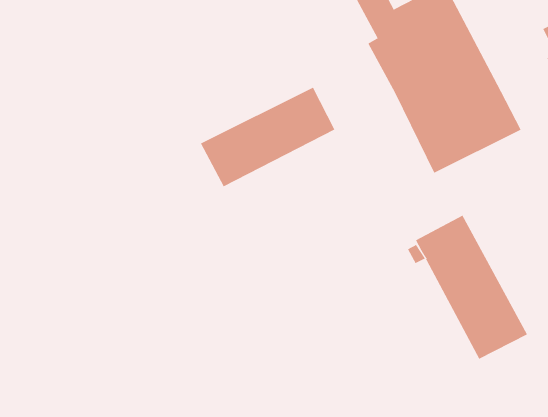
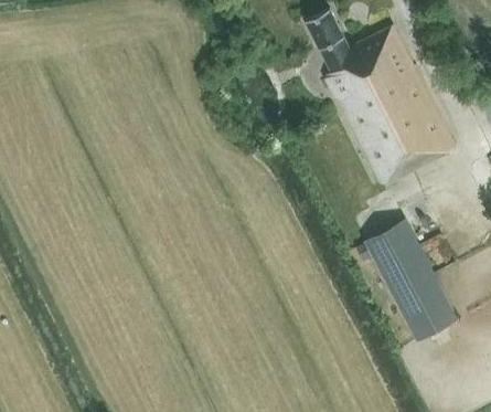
building: [200,87,335,187] -> none

